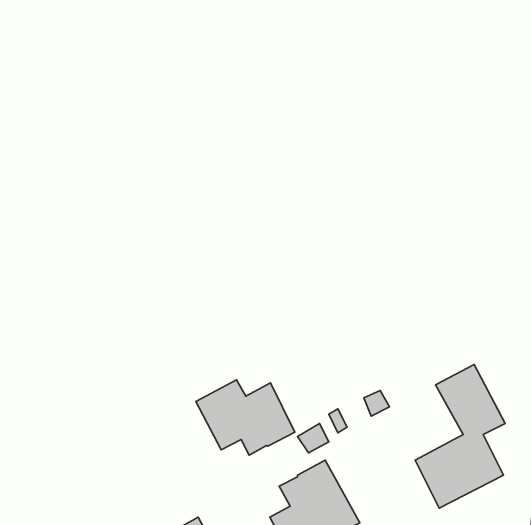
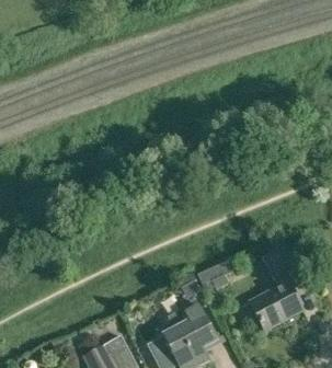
building: [196,380,295,455] -> none

